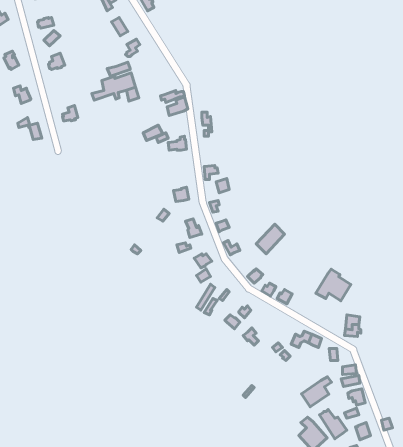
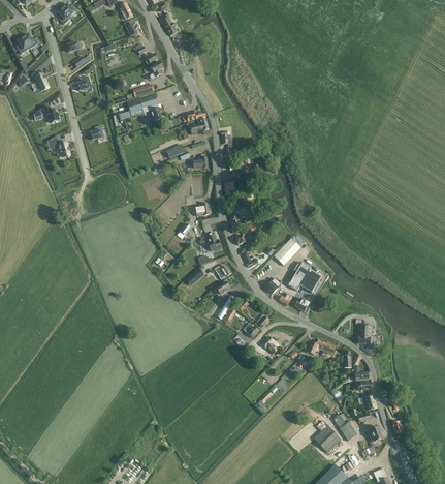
building: [316,269,351,301] -> [287,263,320,293]
building: [302,377,332,407] -> none

